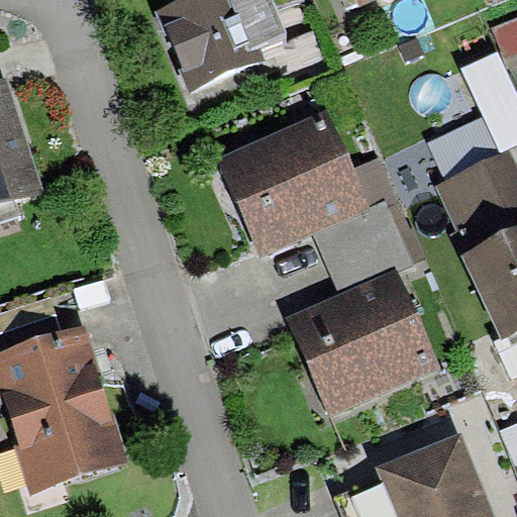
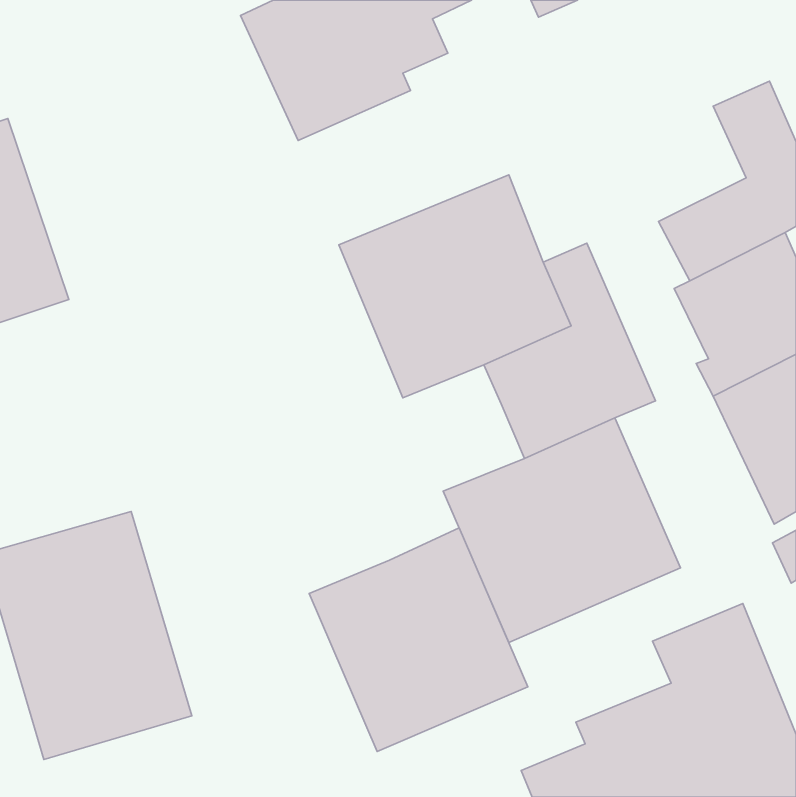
building: none -> [309,528,528,751]

